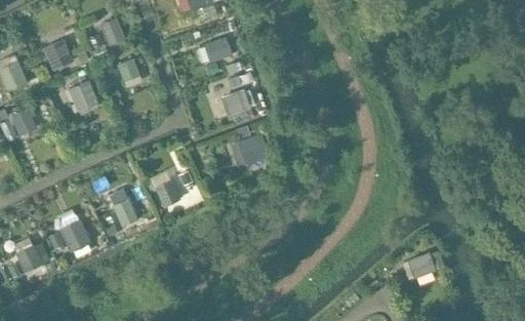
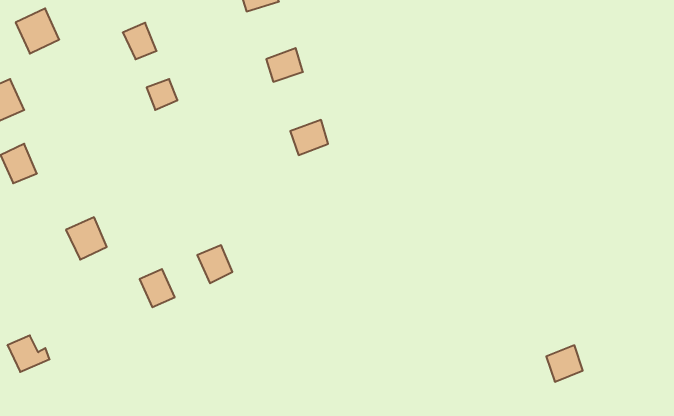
building: [42,38,74,71] -> [16,8,59,54]
building: [67,79,99,112] -> none
building: [237,132,269,163] -> none
building: [58,222,88,252] -> [66,217,107,260]

